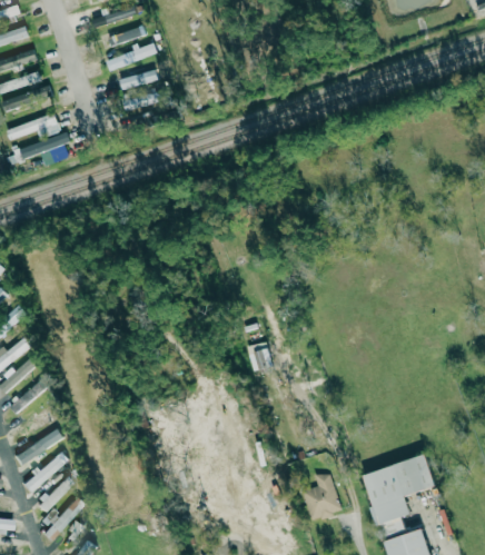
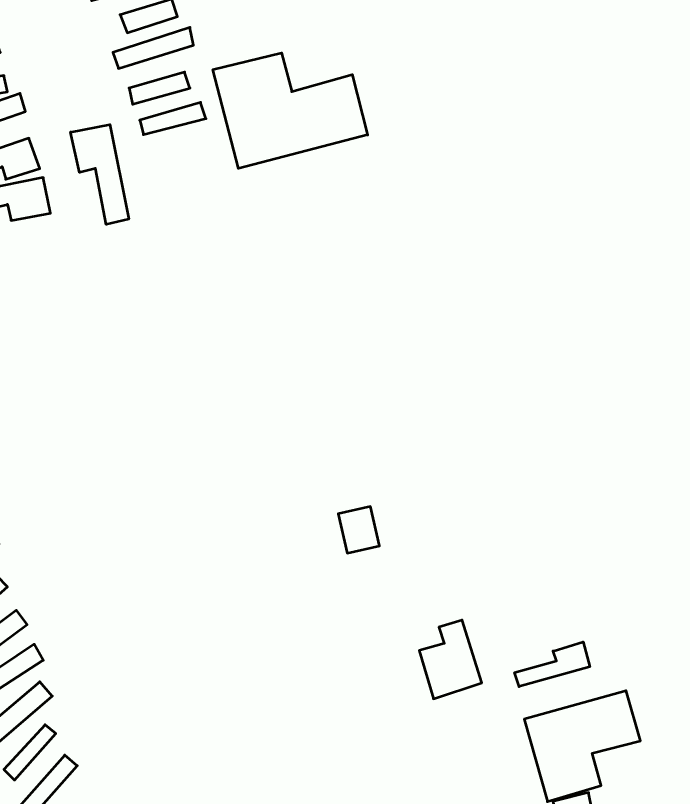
building: none -> [213,53,368,168]
building: none -> [71,125,129,224]
building: none -> [515,642,590,687]
building: [303,472,342,521] -> [419,620,482,699]

